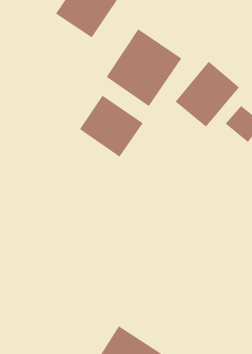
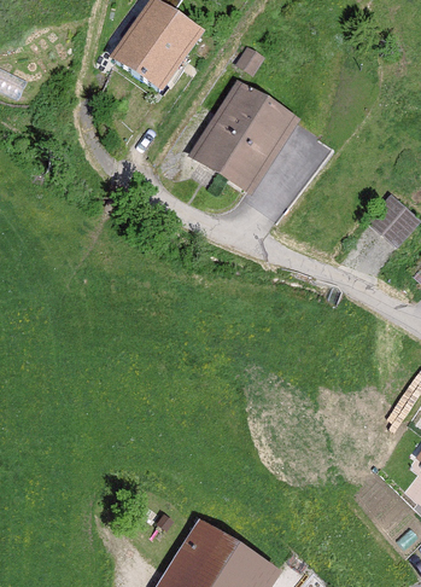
building: [175,61,240,127] -> none
building: [79,95,144,158] -> none

